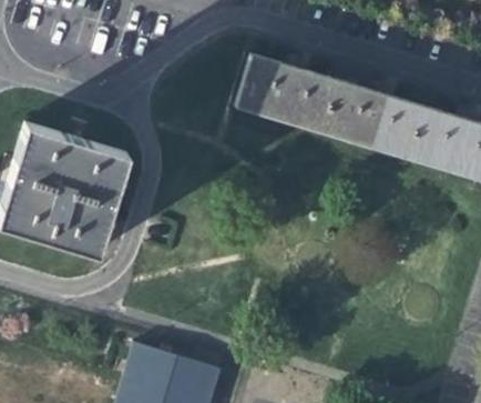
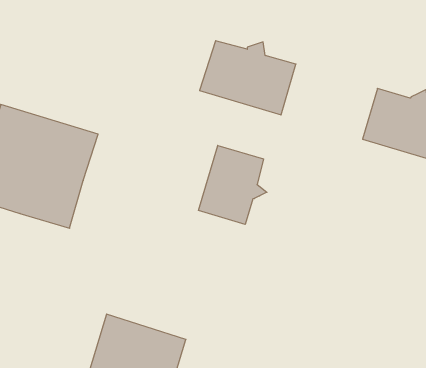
building: [319,80,420,159] -> none
building: none -> [198,145,267,224]

